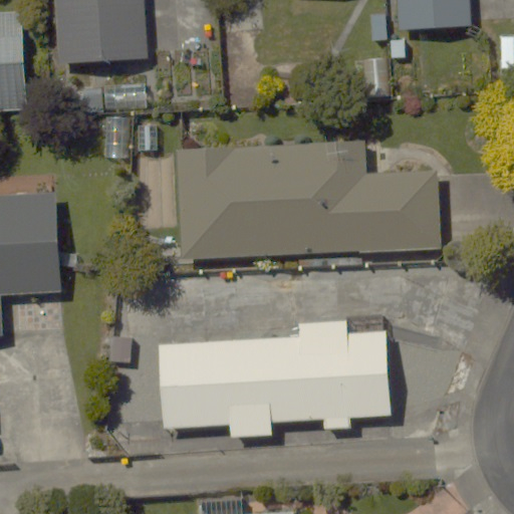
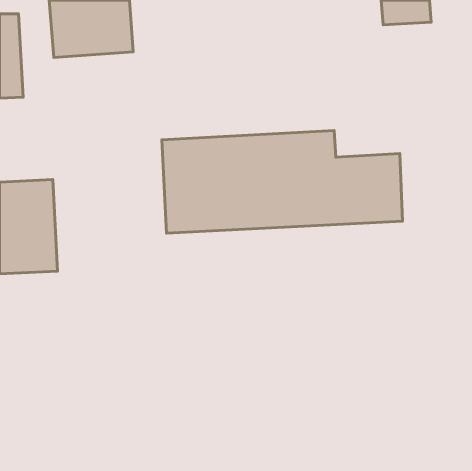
building: [160,328,393,428] -> none

